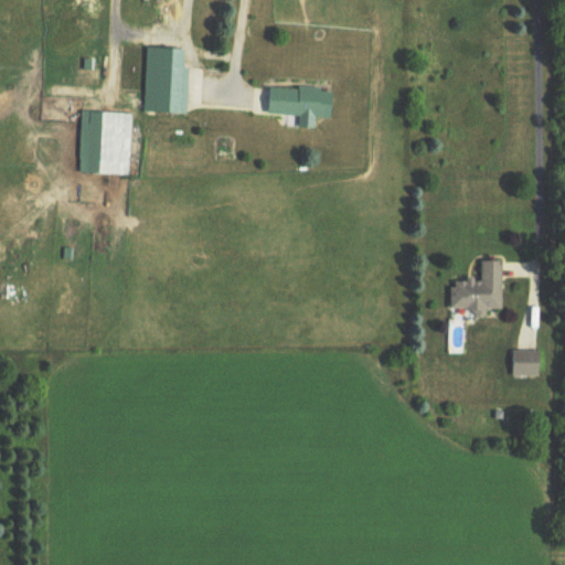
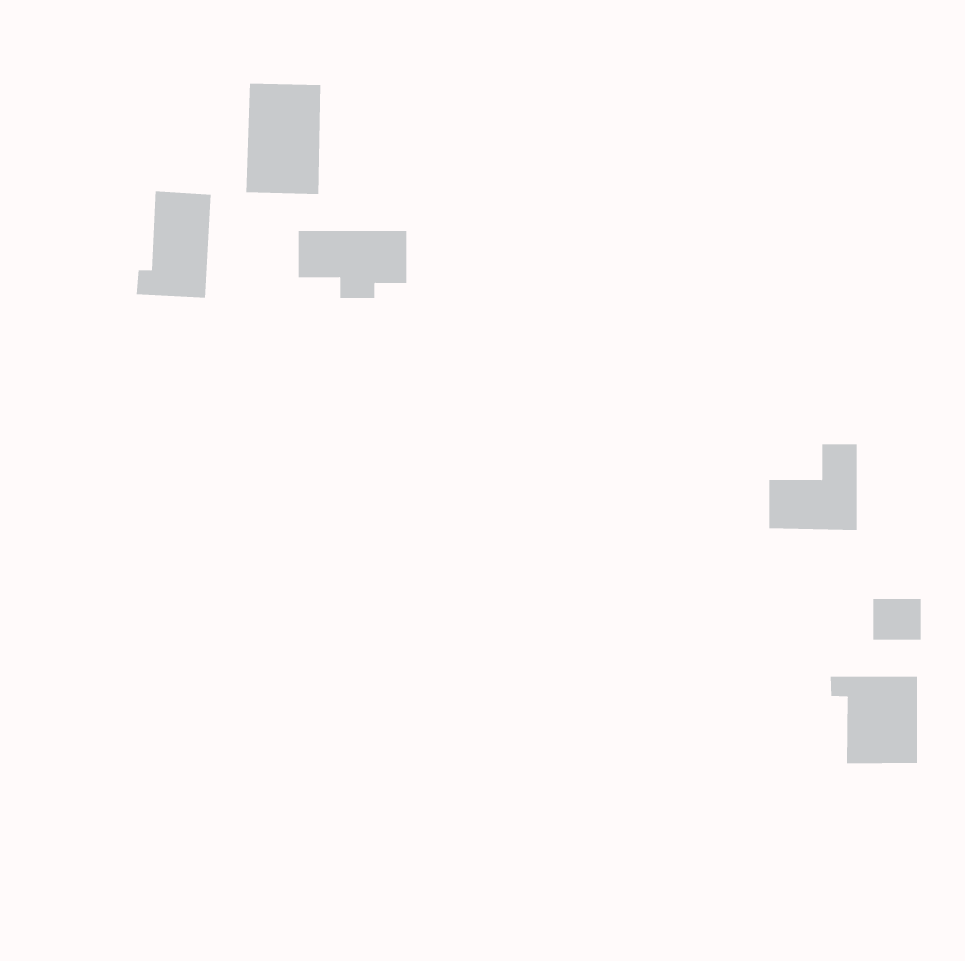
building: [269,87,333,127] -> [298,231,407,299]
building: none -> [830,676,917,764]

